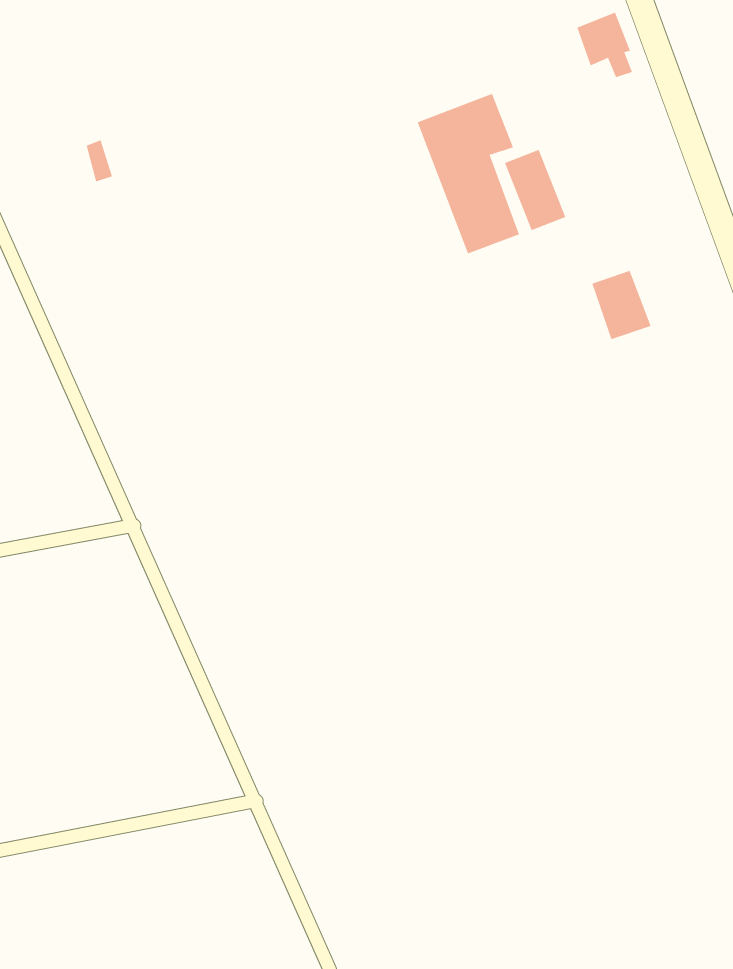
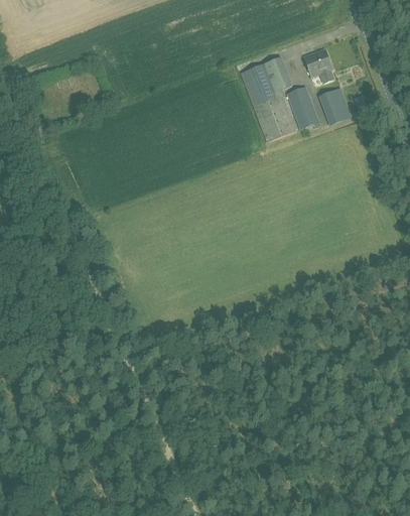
building: [577,12,633,78] -> [302,47,331,82]
building: [592,270,652,340] -> [318,88,350,124]

